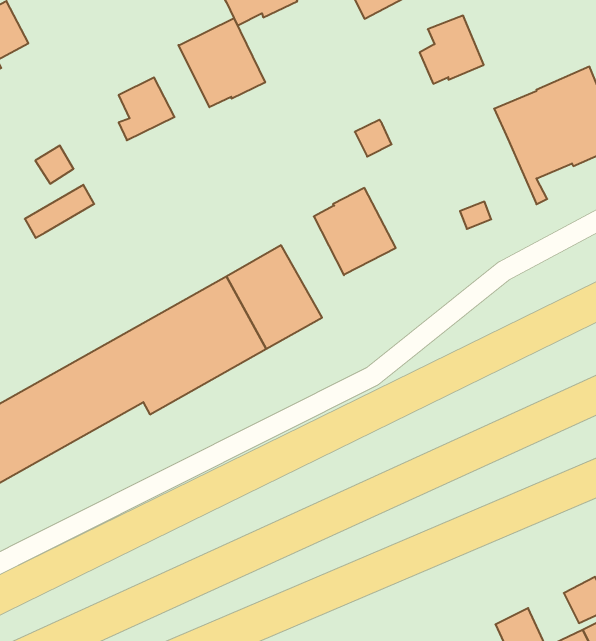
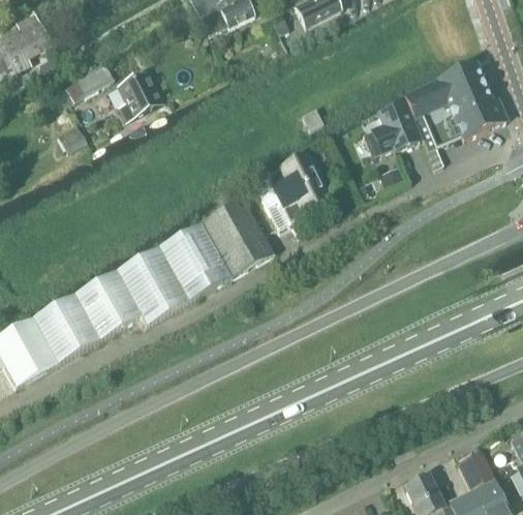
building: [420,16,484,84] -> [371,100,420,152]
building: [178,18,265,107] -> none
building: [25,185,94,238] -> [61,63,114,103]

